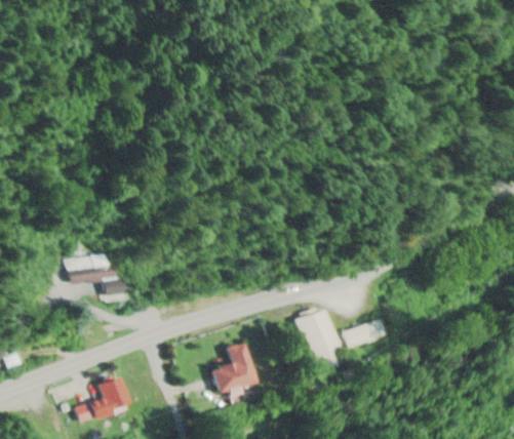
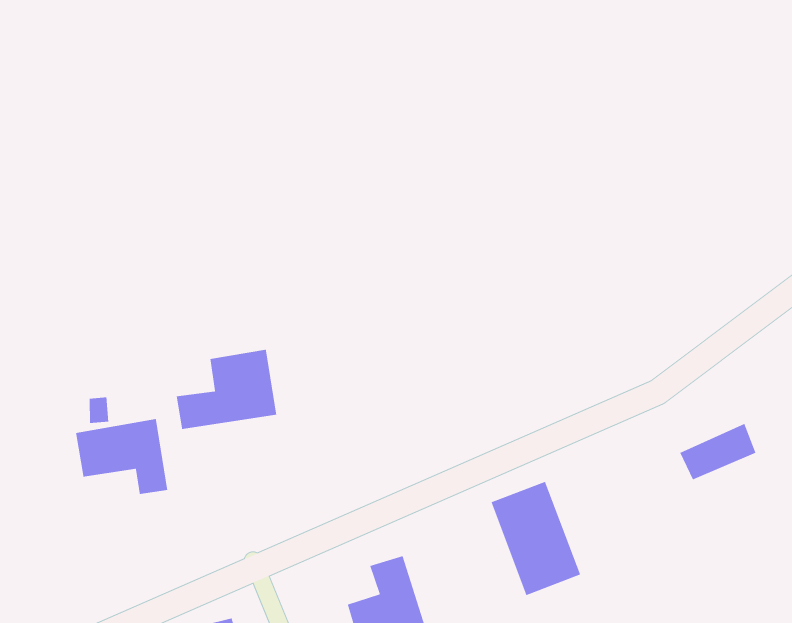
building: none -> [176,349,277,430]
building: [343,319,386,349] -> [679,423,756,481]

